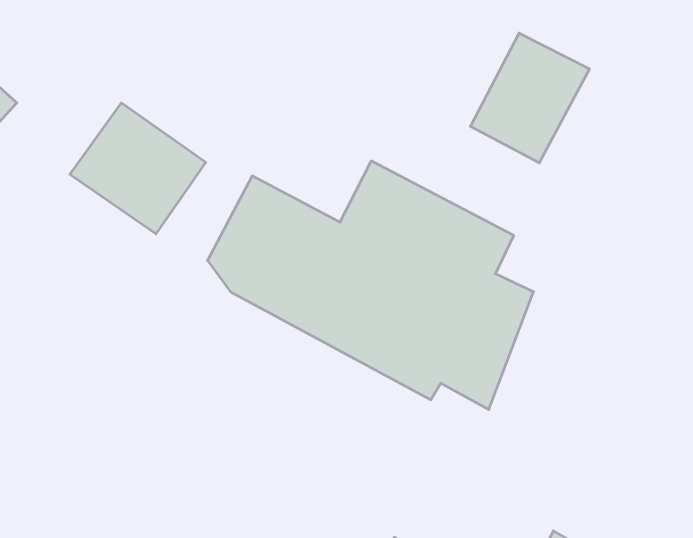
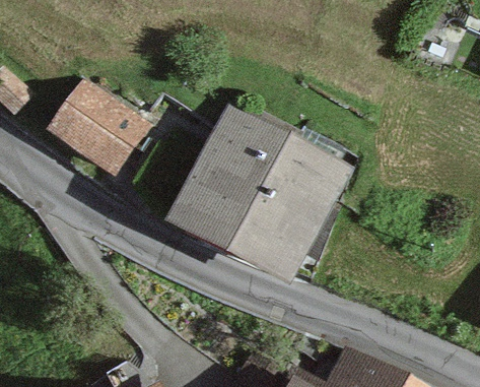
building: [470,33,589,163] -> none

